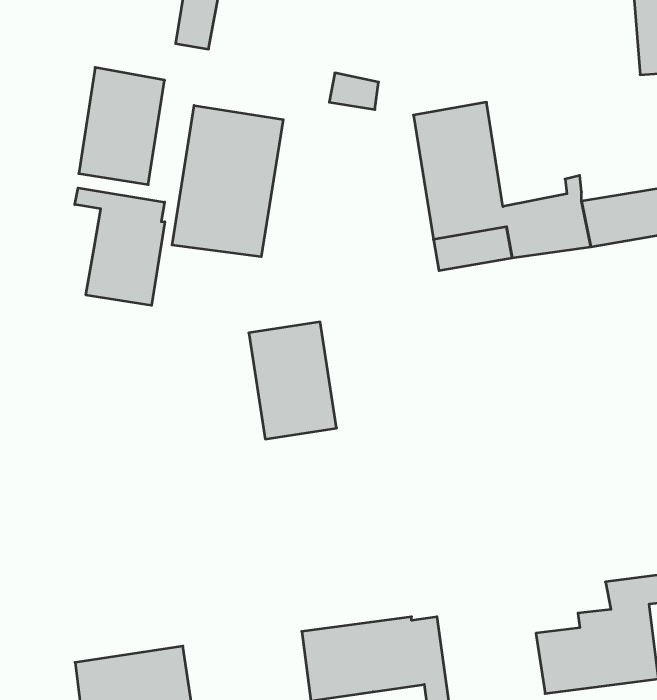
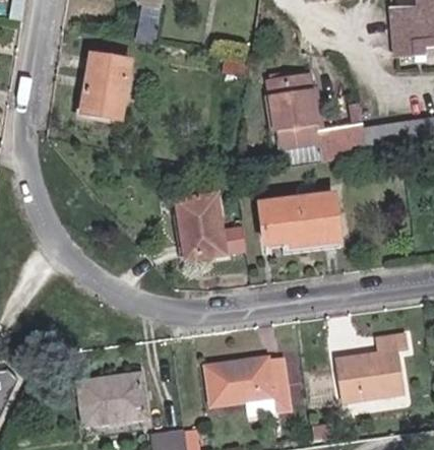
building: [172,105,283,257] -> none
building: [75,188,165,305] -> none
building: none -> [260,193,340,245]

